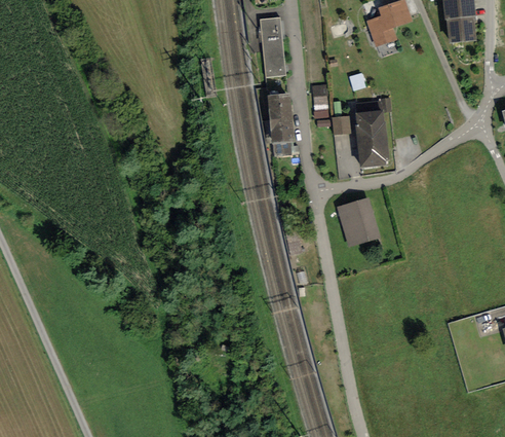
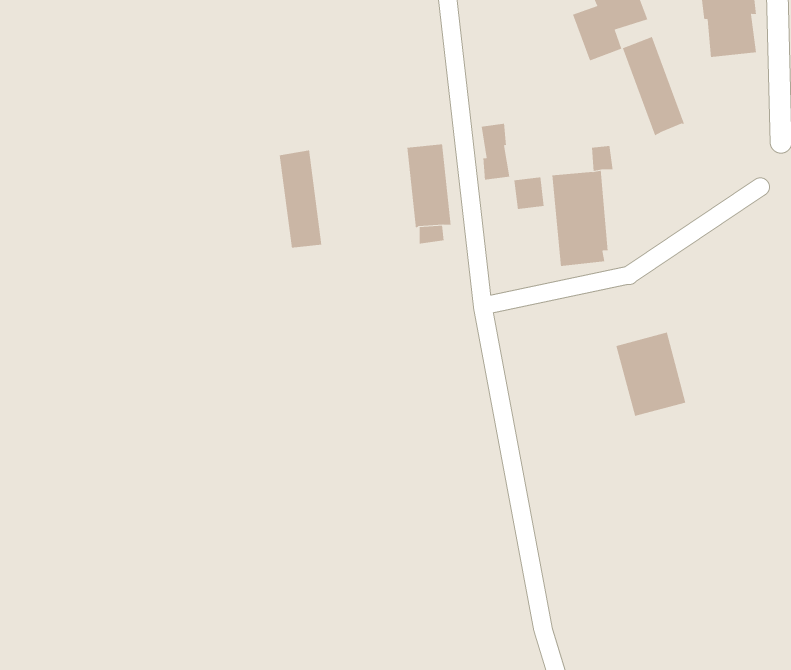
building: [260,16,285,75] -> [279,150,322,248]
building: none -> [622,36,685,136]
building: [338,196,380,247] -> [616,332,686,416]

